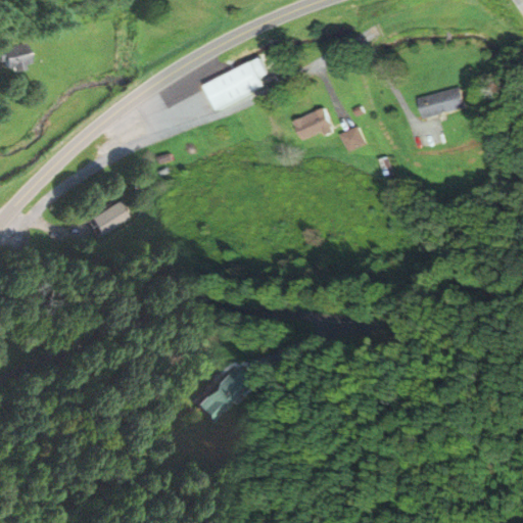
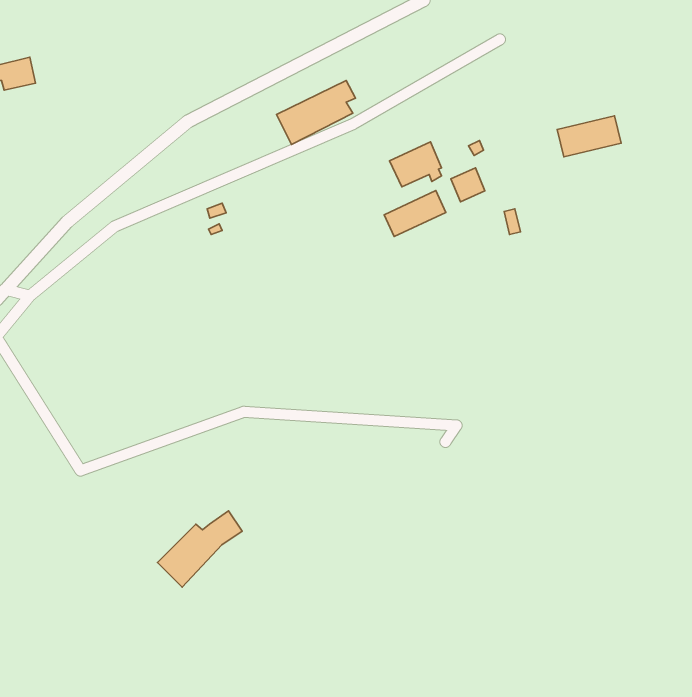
building: none -> [384,191,446,237]
building: [90,199,129,235] -> none
building: [193,365,256,422] -> [158,511,242,587]

